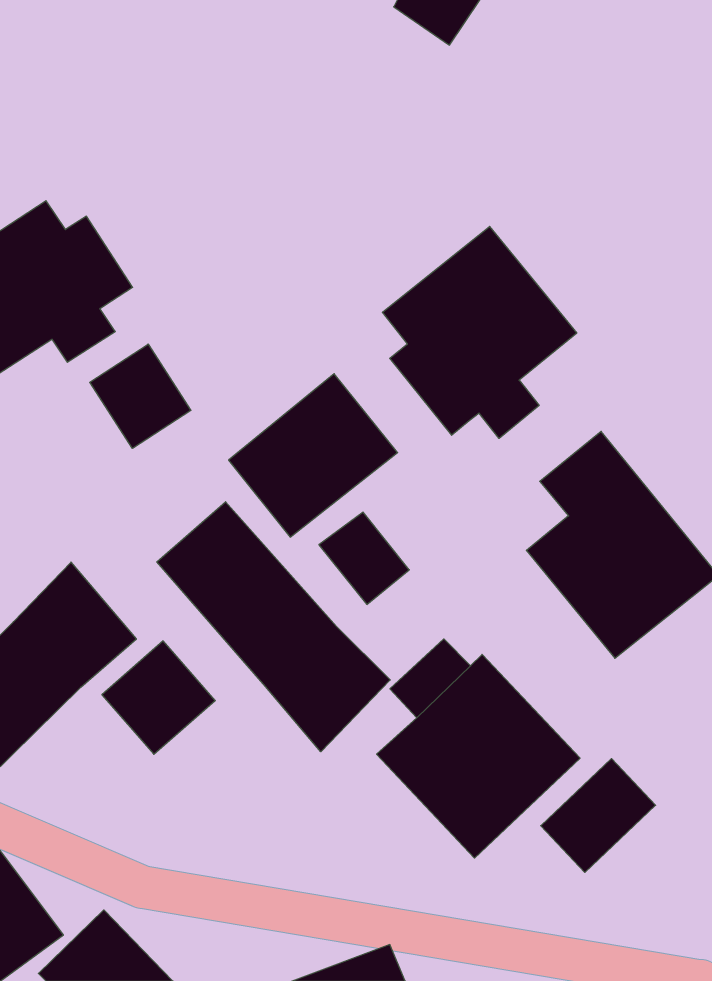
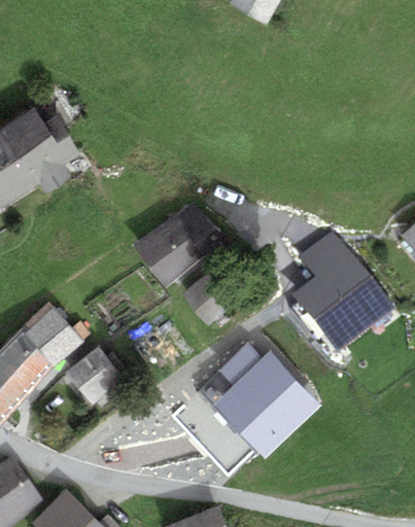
building: [382,226,577,438] -> none
building: [90,344,191,448] -> none
building: [157,502,390,752] -> none
building: [541,759,656,872] -> none

